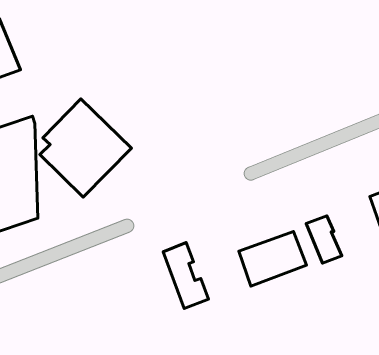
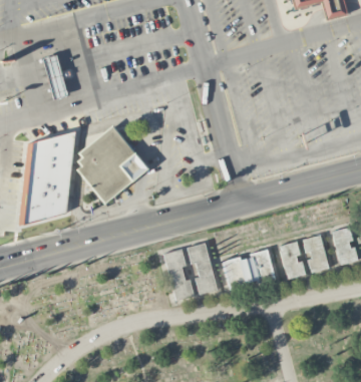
building: none -> [304,235,329,271]
building: none -> [190,243,218,294]

